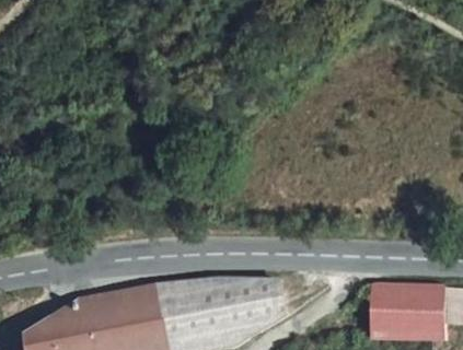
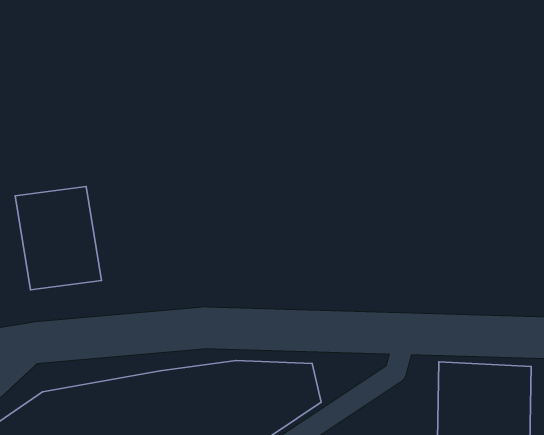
building: none -> [15,187,101,290]

